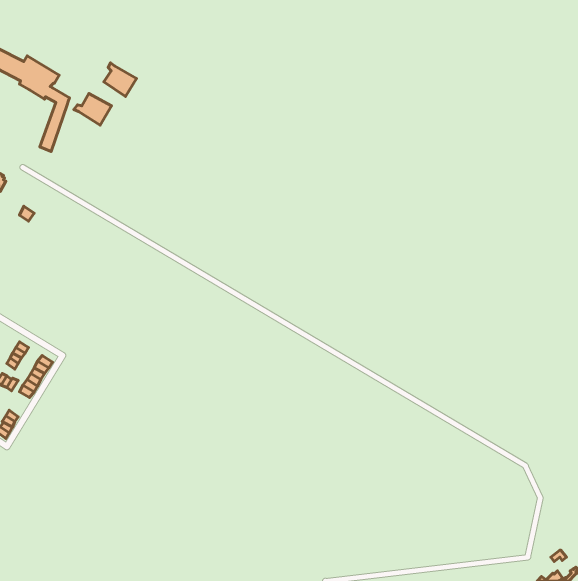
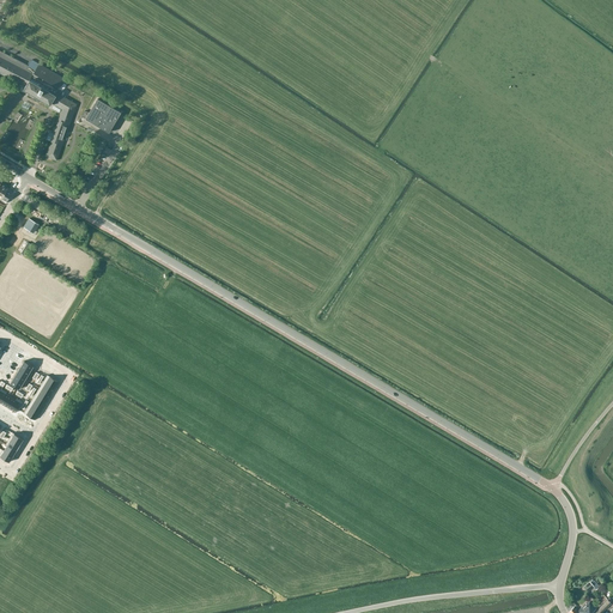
building: [104,63,137,96] -> none

